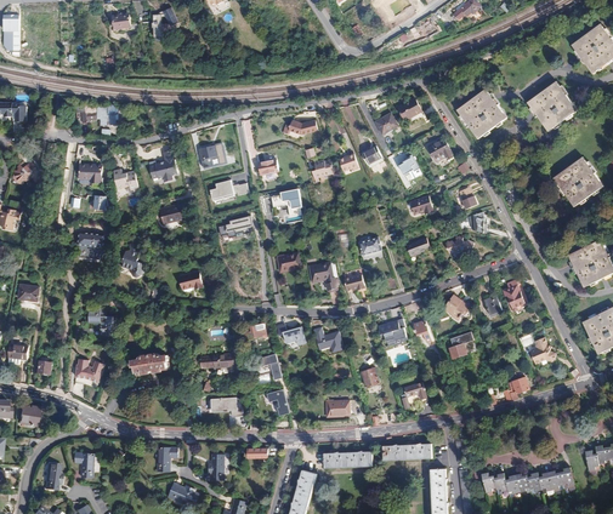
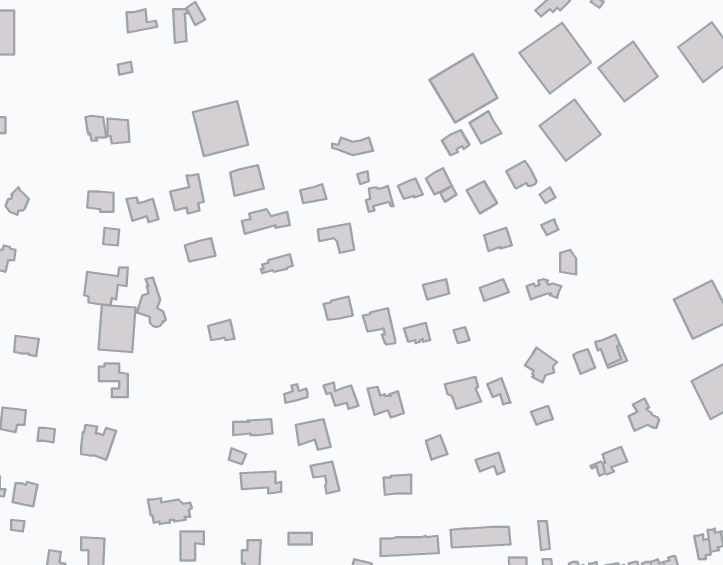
building: none -> [519,23,591,94]
building: none -> [430,54,497,122]
building: [527,81,577,131] -> [598,42,658,101]
building: none -> [193,101,248,156]
building: [554,156,603,207] -> none
building: none -> [98,305,136,352]
building: [132,352,169,373] -> [148,498,192,524]

